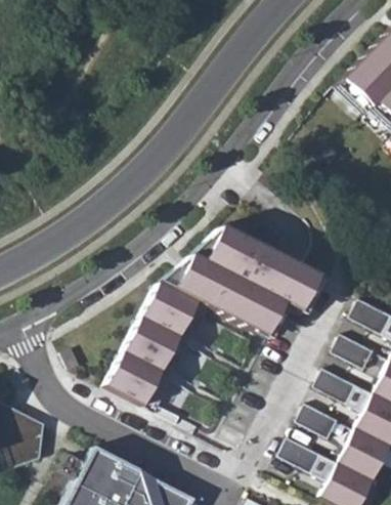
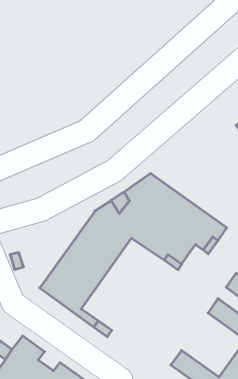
building: [297,403,340,438] -> none

